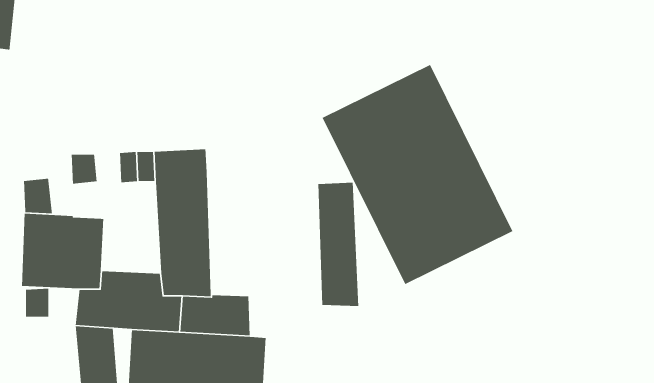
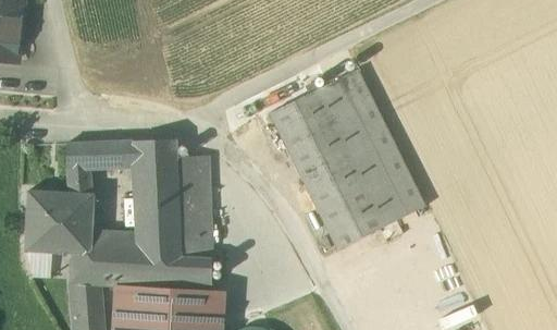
building: [23,178,53,214] -> [67,164,91,194]
building: [317,182,359,307] -> [177,156,211,257]

